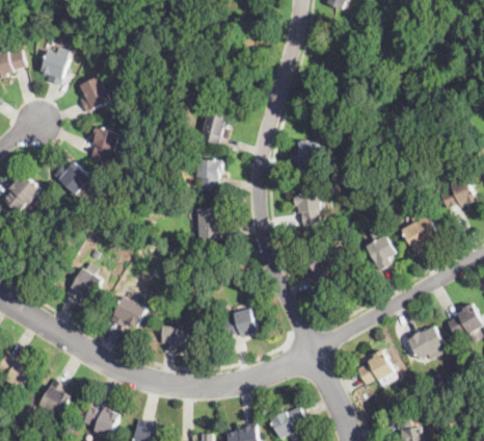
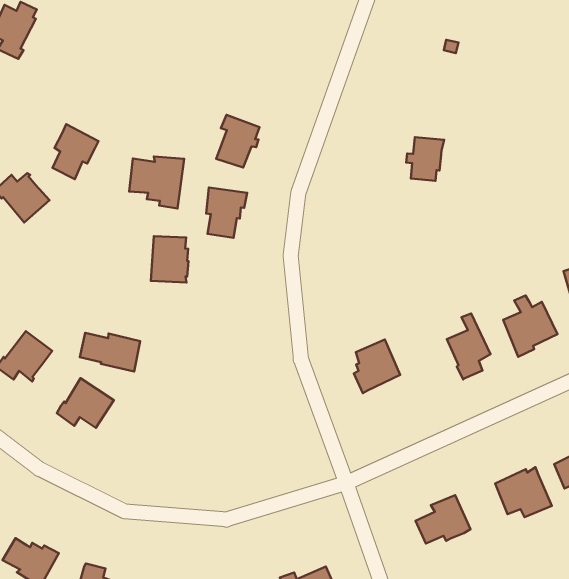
building: [80,76,110,111] -> none
building: none -> [129,156,184,208]
building: [294,142,318,171] -> [406,137,444,181]
building: [292,191,321,226] -> none
building: [196,203,221,234] -> [151,236,189,283]
building: [220,308,258,337] -> none
building: [160,325,199,348] -> [80,333,140,372]

